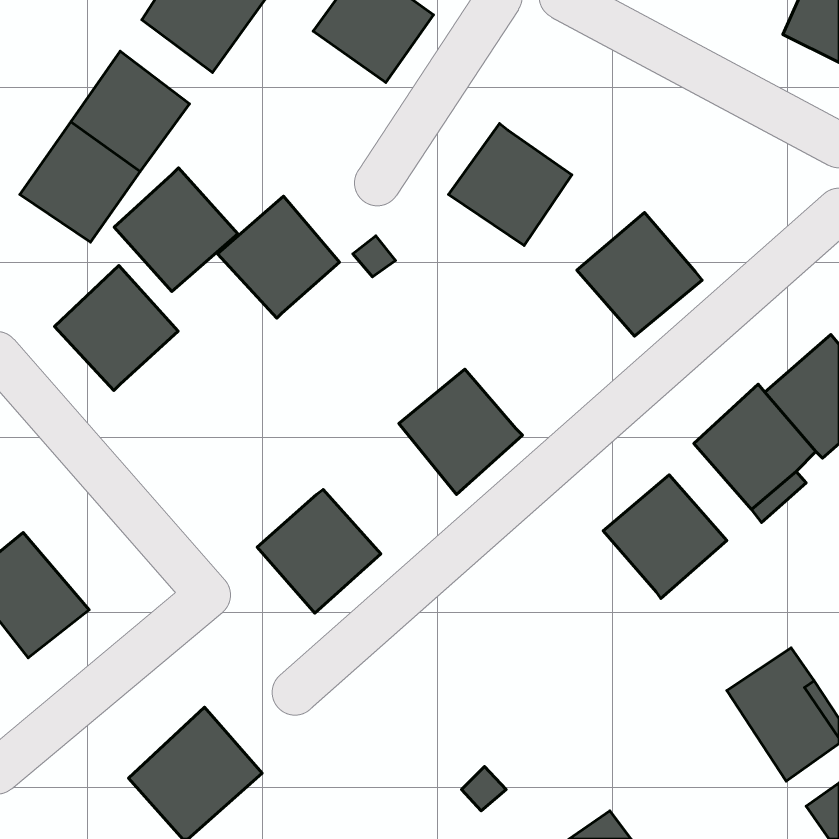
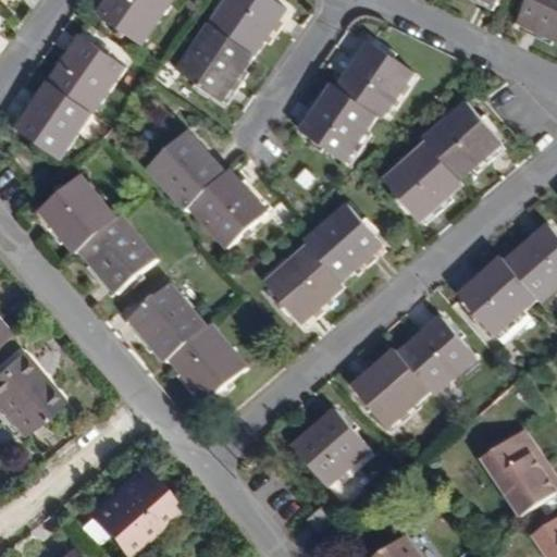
building: none -> [172,21,255,102]
building: none -> [335,38,416,120]
building: none -> [422,98,503,180]
building: [114,168,238,291] -> [79,214,161,296]
building: none -> [186,169,268,251]
building: none -> [304,201,385,283]
building: none -> [126,284,209,366]
building: none -> [350,346,433,428]
building: none -> [289,406,372,488]

